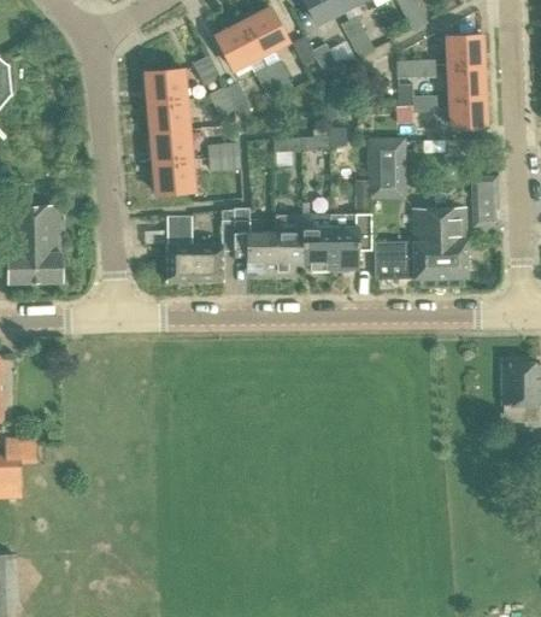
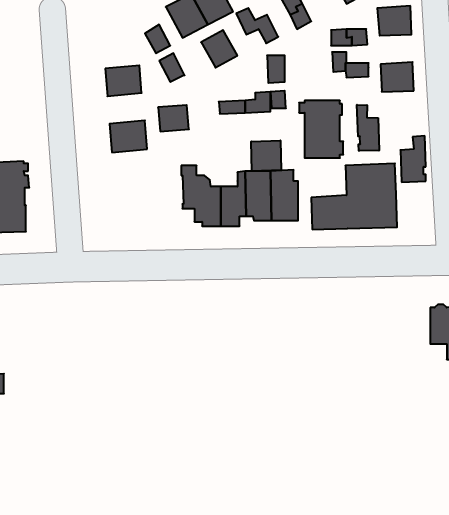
building: [449,65,486,98] -> none
building: [146,67,187,102] -> none
building: [152,129,193,163] -> none
building: none -> [357,105,379,151]
building: none -> [251,140,281,171]
building: [167,216,235,281] -> none

